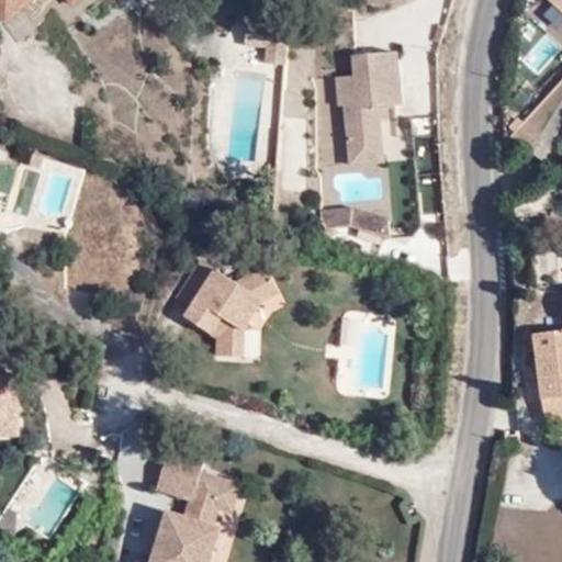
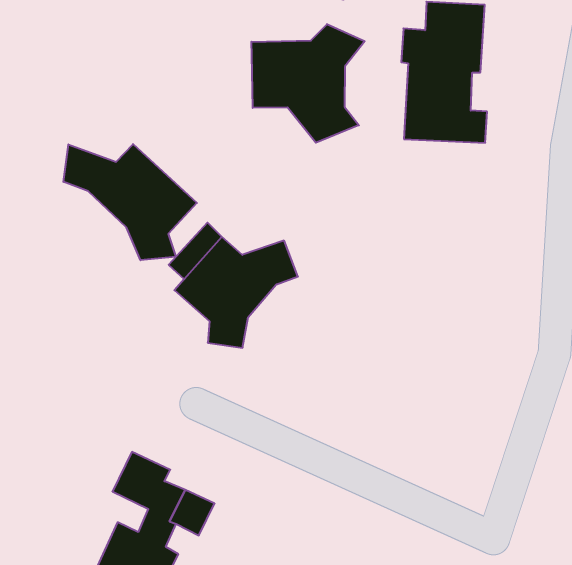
building: none -> [251,24,365,143]
building: none -> [63,144,197,260]

